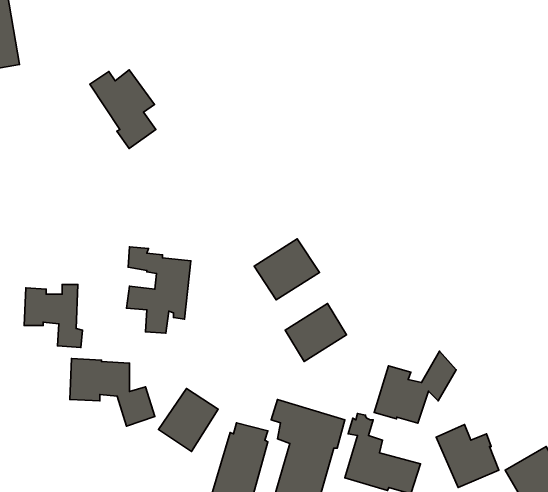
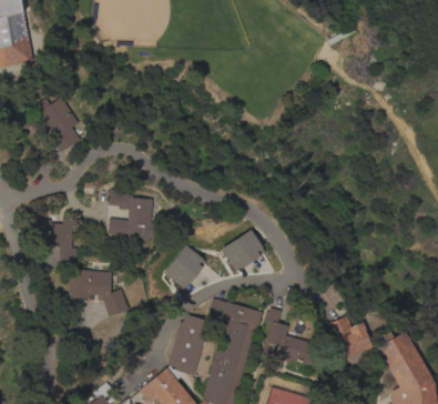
building: [90,70,156,148] -> [34,97,81,152]
building: [254,239,319,300] -> none
building: [374,351,456,423] -> none
building: [158,389,218,452] -> [163,245,205,290]

